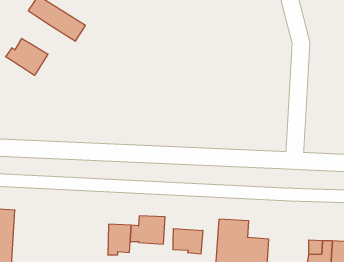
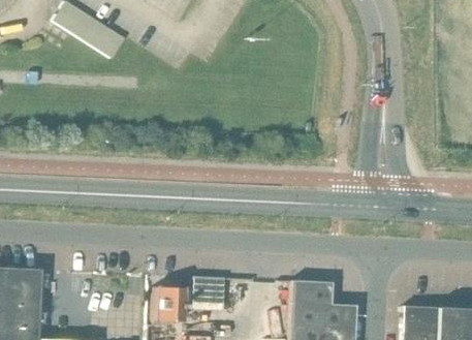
building: [6,38,48,75] -> none
building: [173,229,203,254] -> none

